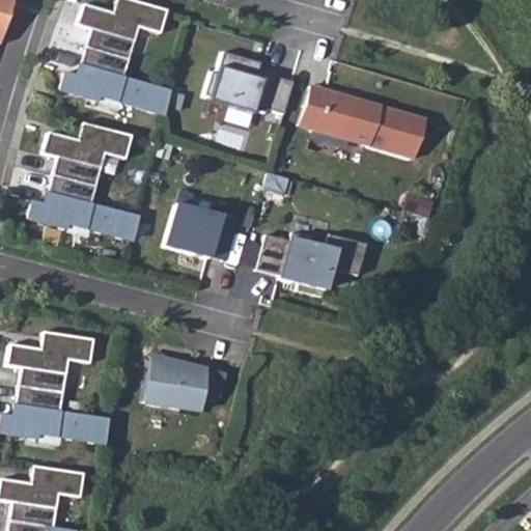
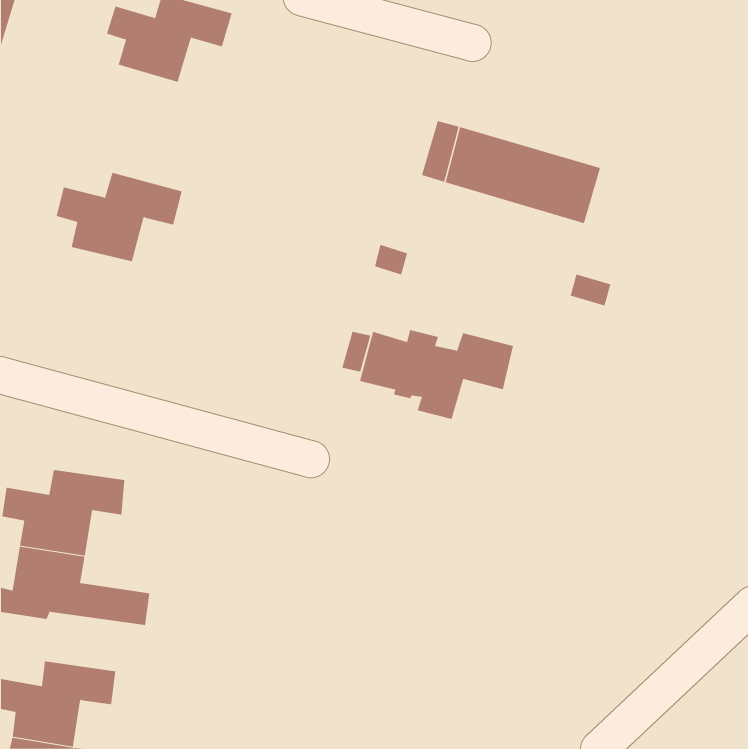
building: [60,46,172,113] -> none
building: [206,50,295,112] -> none
building: [27,174,140,240] -> none
building: [164,202,237,259] -> none
building: [141,357,207,410] -> none

